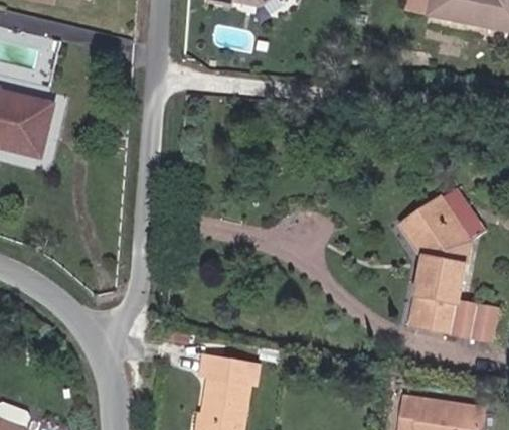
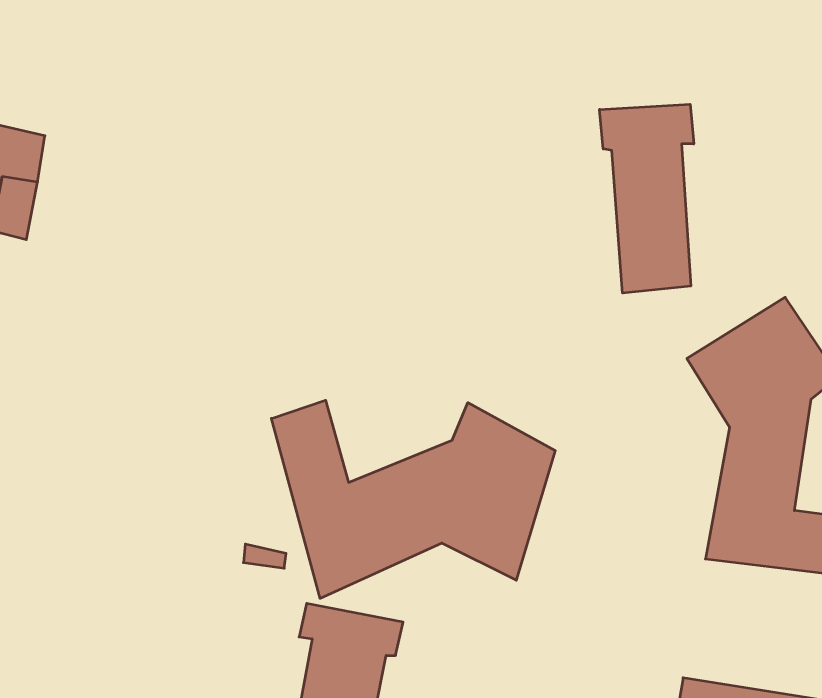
building: none -> [600,104,694,293]
building: none -> [271,400,555,598]

